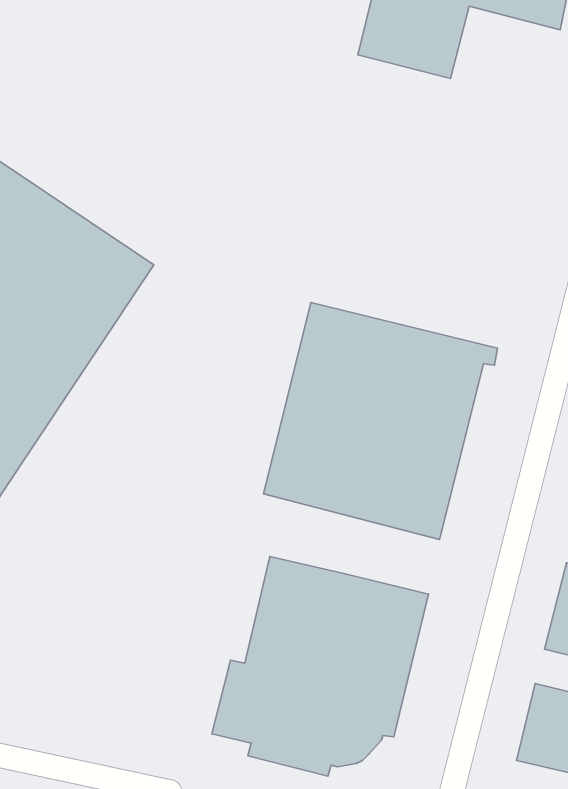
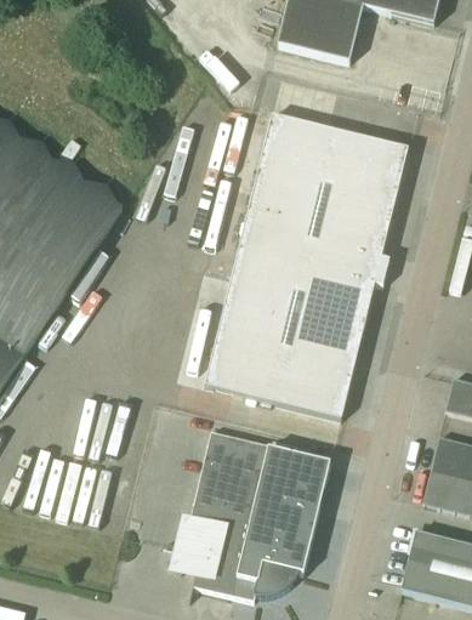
building: none -> [241,112,409,269]

